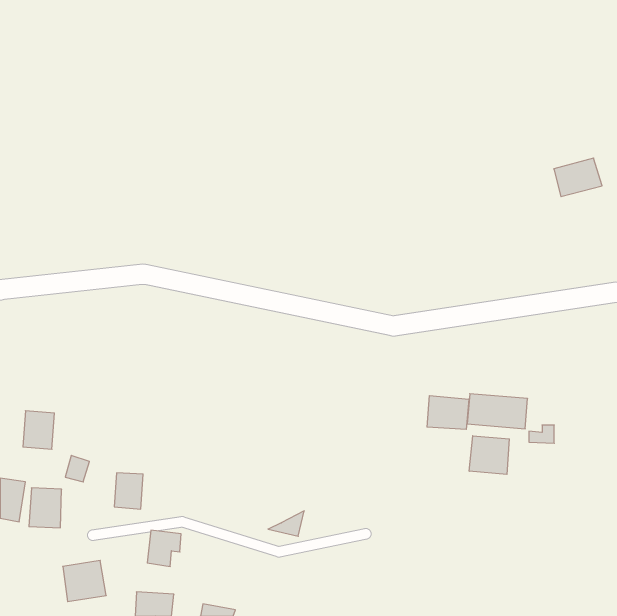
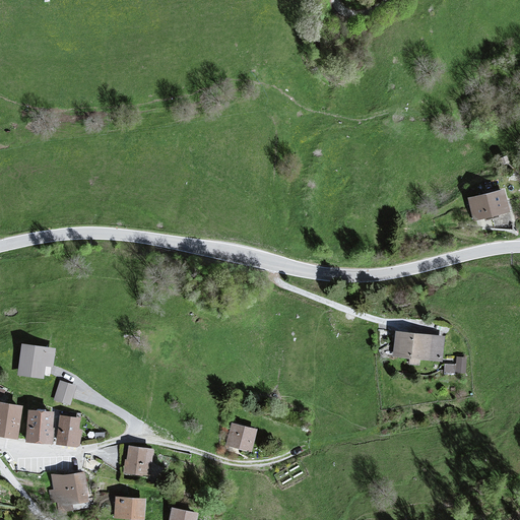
building: [554,158,602,197] -> [468,189,509,221]
building: [427,396,469,429] -> none
building: [469,436,509,474] -> none
building: [114,473,143,509] -> [57,416,81,447]

